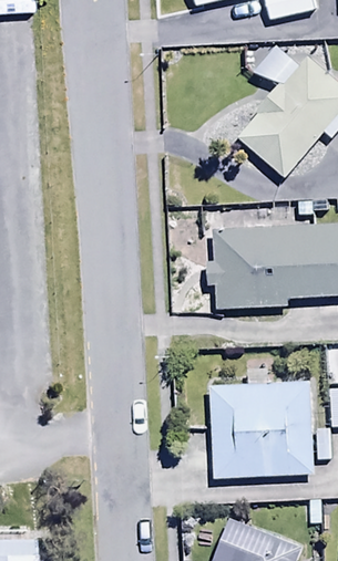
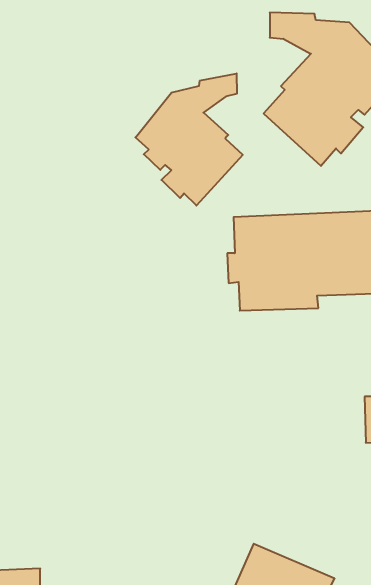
building: none -> [135,73,243,206]
building: [211,381,315,478] -> none

